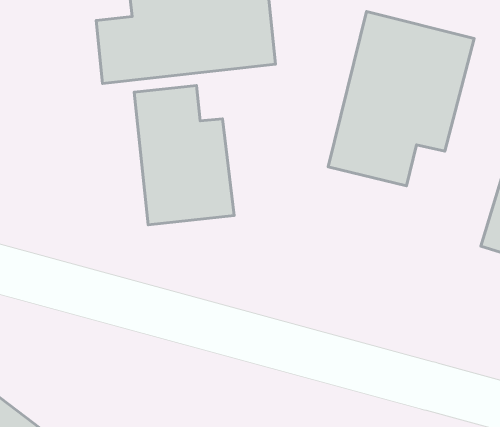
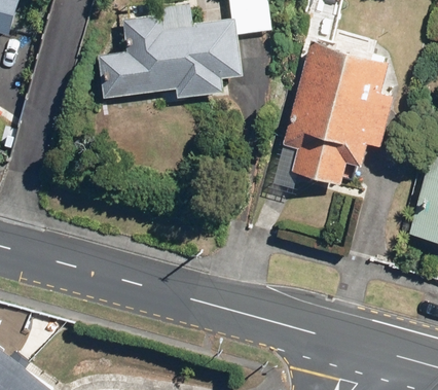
building: [134,86,234,225] -> none

